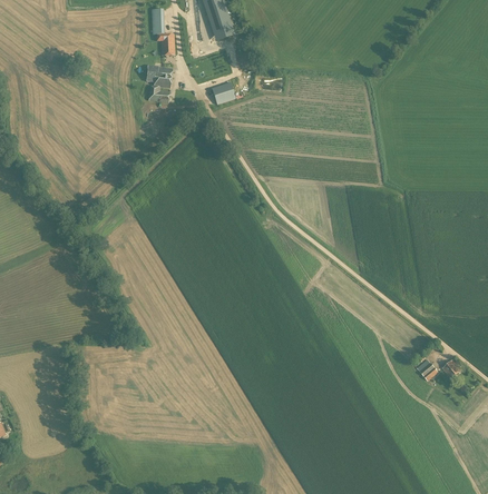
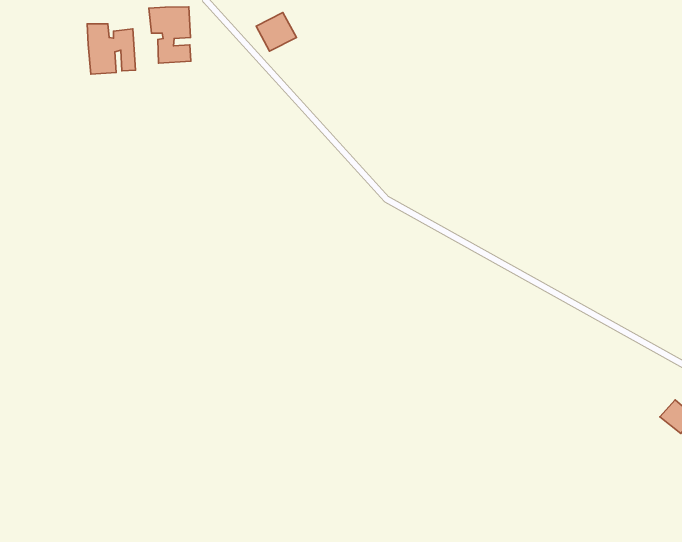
building: none -> [87,24,135,74]

